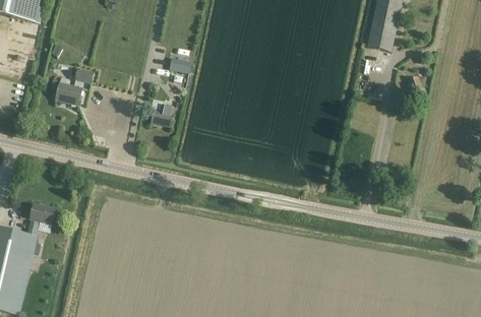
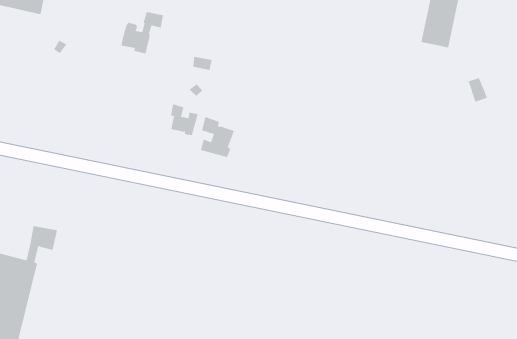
building: [55,68,93,105] -> [120,12,164,54]
building: none -> [200,116,236,158]

